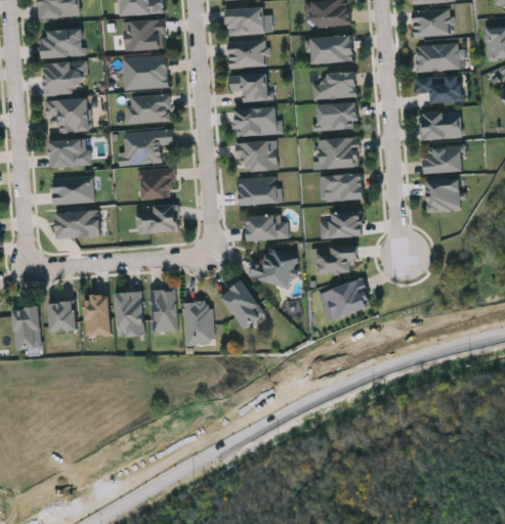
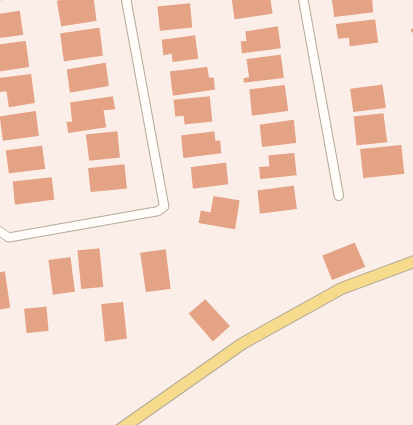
building: [421,114,462,140] -> none
building: none -> [359,144,405,179]
building: [325,278,372,318] -> [321,241,367,281]
building: [220,280,265,329] -> [187,298,231,343]
building: [151,290,176,332] -> [100,301,128,343]
building: [49,302,75,330] -> [23,306,50,334]

